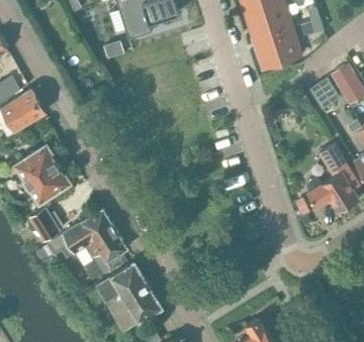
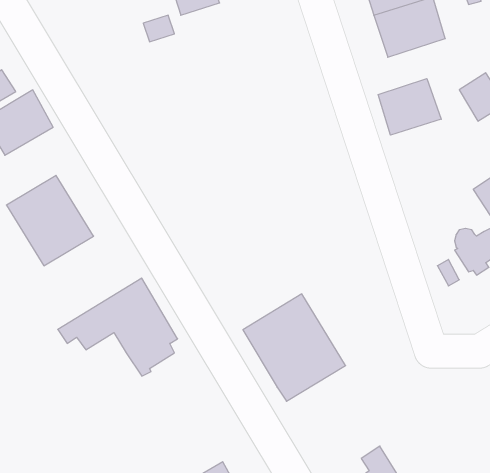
building: none -> [378,79,441,135]
building: [30,208,64,240] -> none
building: [96,262,163,332] -> [243,294,346,401]

